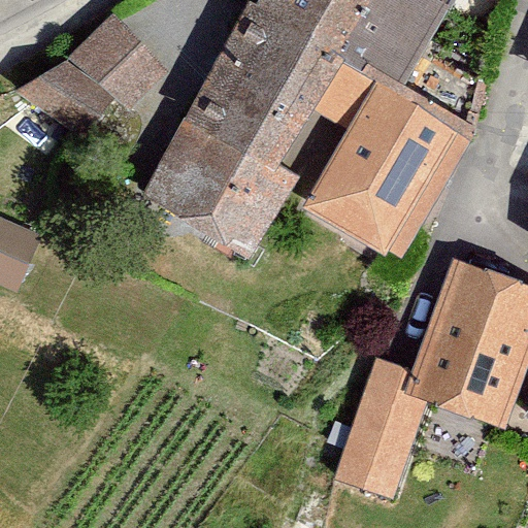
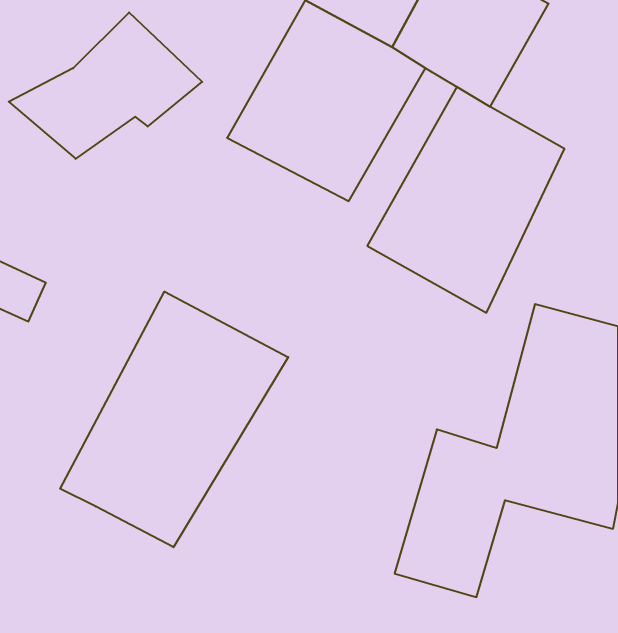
building: [161,114,300,261] -> none
building: none -> [60,292,288,547]

